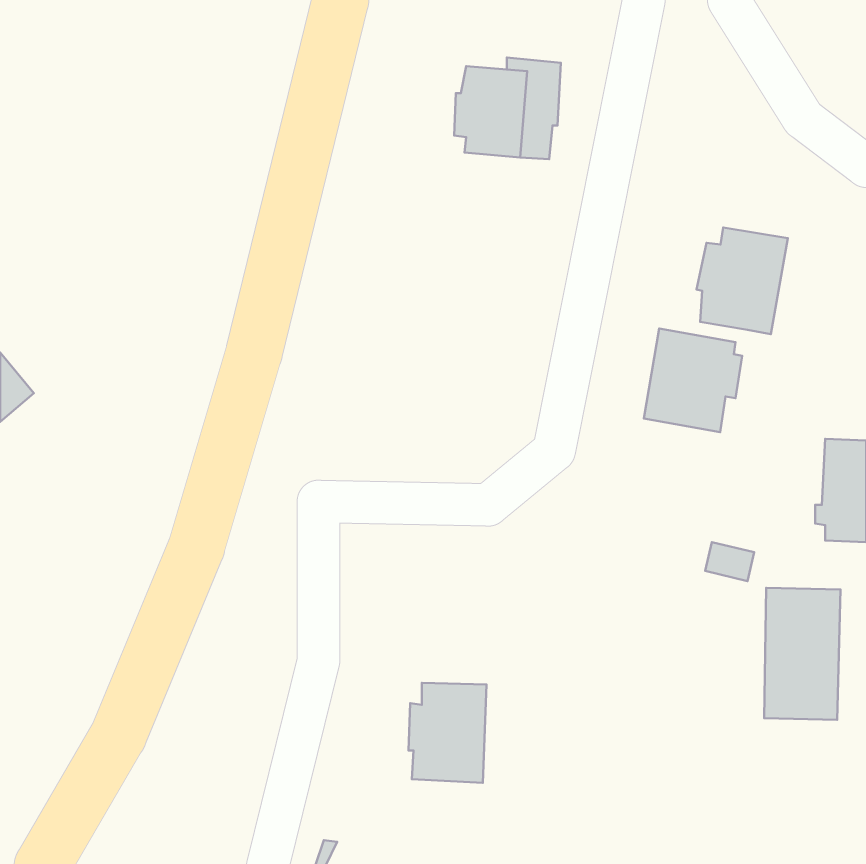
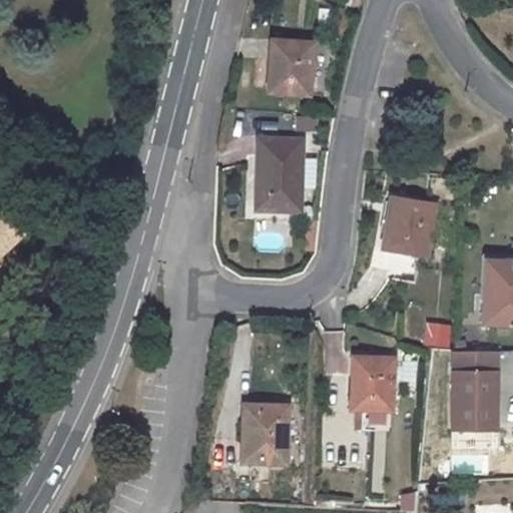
building: [696,227,788,334] -> none
building: none -> [255,138,304,212]
building: none -> [348,356,394,432]

